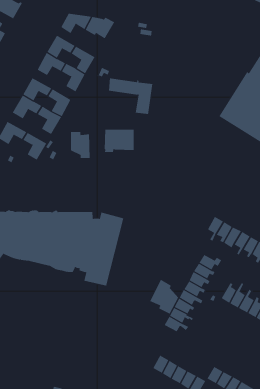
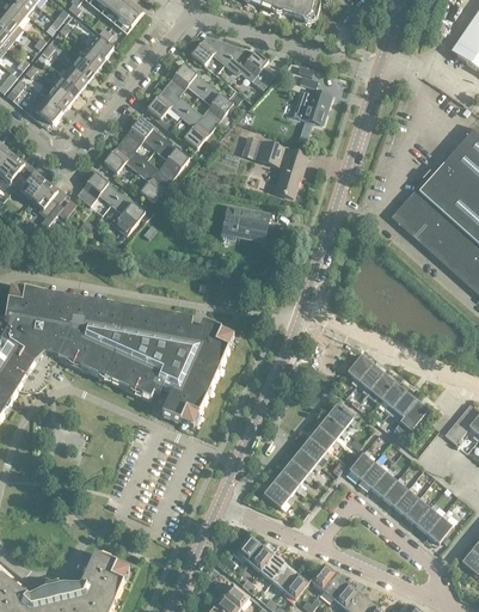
building: none -> [300,87,330,123]
building: [70,131,90,159] -> none
building: [150,279,179,314] -> none

